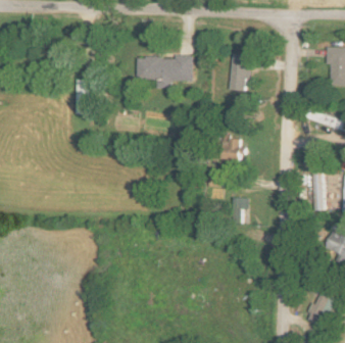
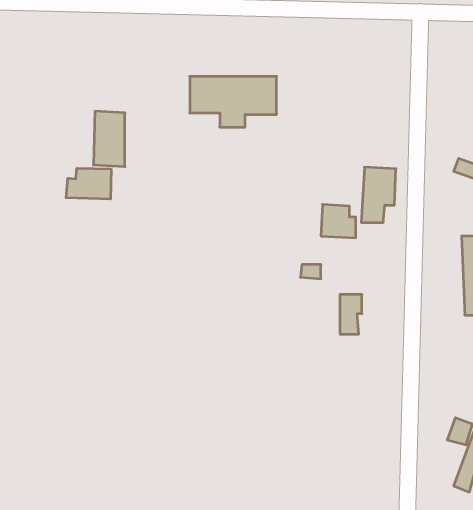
building: [230,54,252,90] -> [361,167,396,222]
building: none -> [66,168,111,199]

